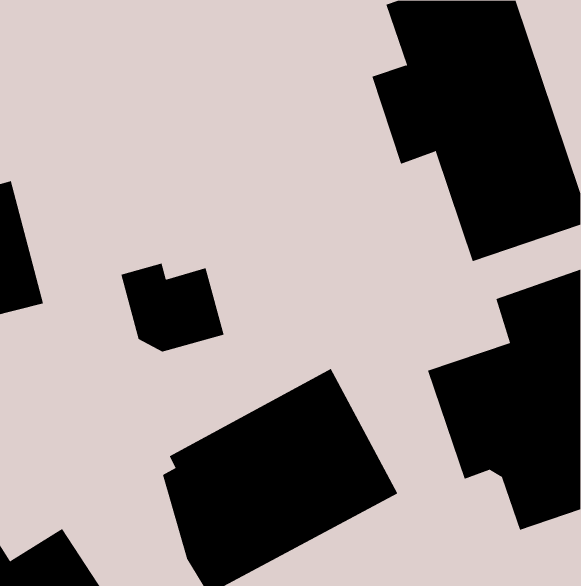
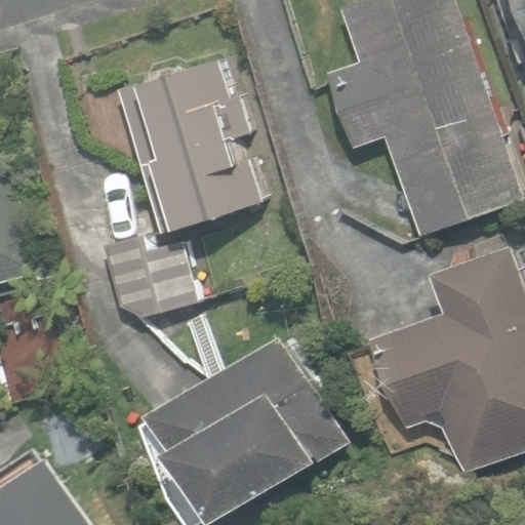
building: none -> [119,60,262,234]

